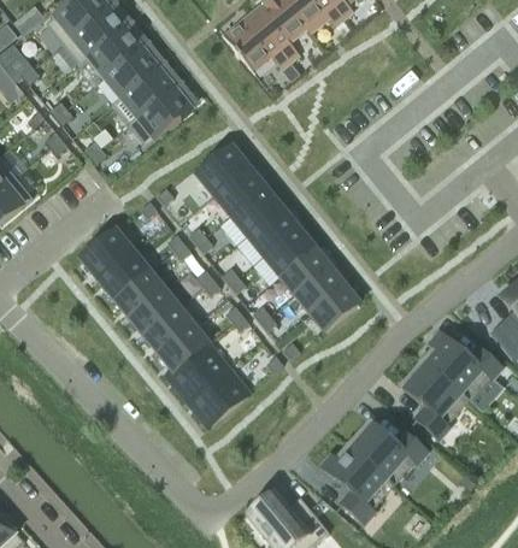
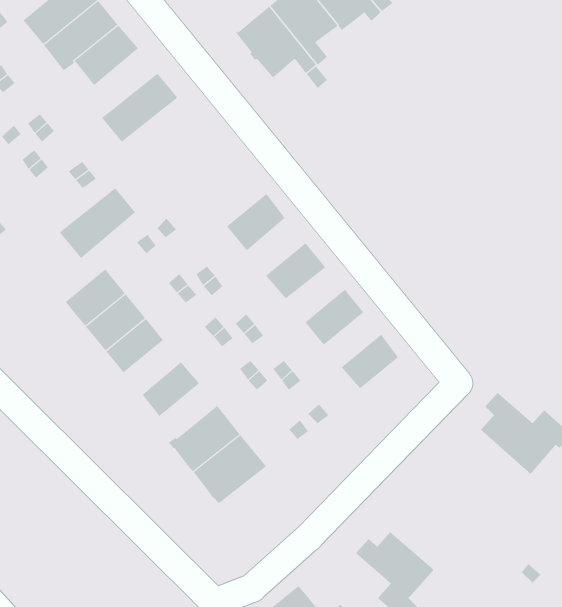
building: [105,46,158,96] -> none
building: [128,87,192,146] -> [59,188,136,259]
building: [198,146,248,194] -> none
building: [231,187,281,235] -> none
building: [264,228,313,273] -> none
building: [295,265,343,311] -> none
building: [129,288,177,334] -> none
building: [159,324,207,370] -> none
building: [404,363,467,437] -> none
building: [351,422,428,484] -> none

